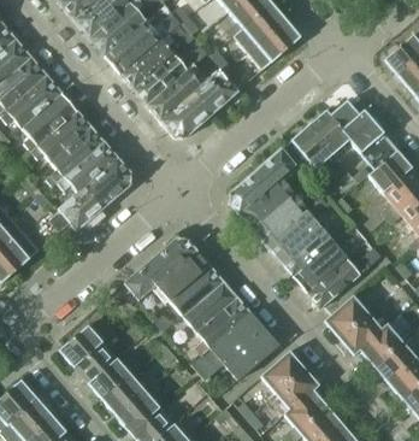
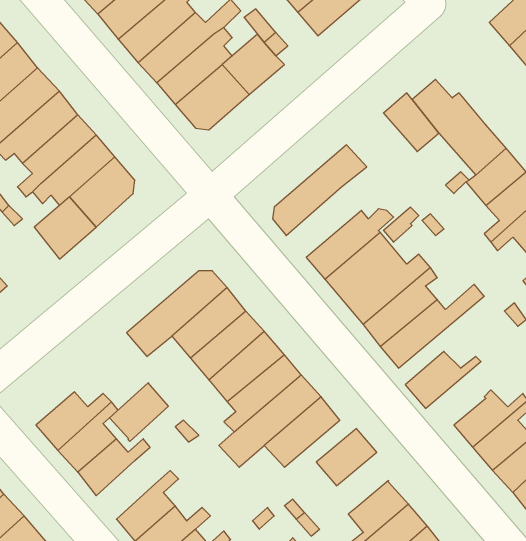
building: [293,125,334,183] -> none
building: [240,178,294,229] -> none
building: [340,304,384,354] -> none
building: [276,369,319,408] -> none
building: [104,375,146,417] -> [110,383,168,441]

